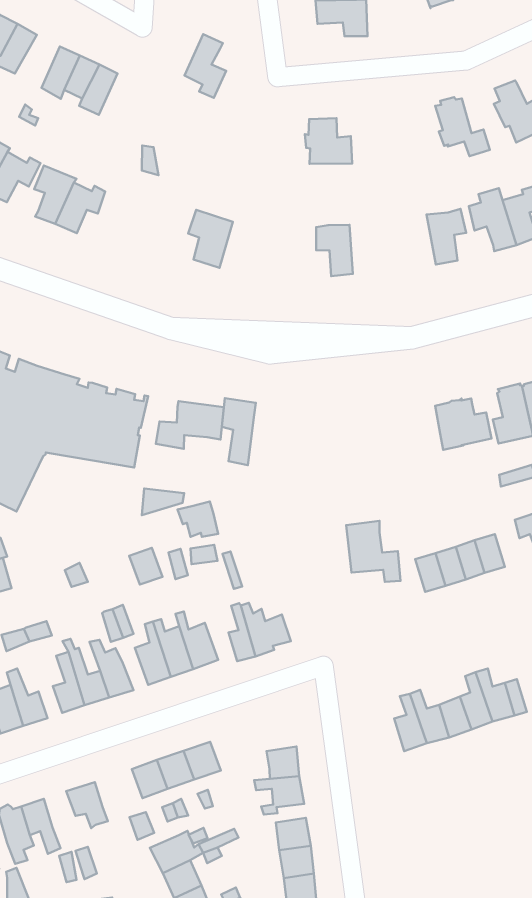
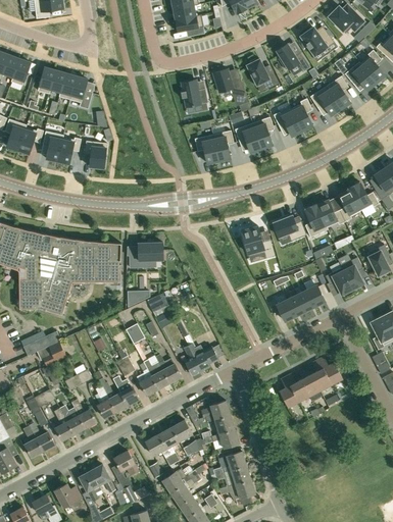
building: [185,34,226,98] -> [70,76,92,109]
building: none -> [213,69,251,112]
building: [188,210,233,268] -> [85,141,107,169]
building: none -> [235,123,261,153]
building: none -> [212,132,234,161]
building: [222,398,256,465] -> none
building: [346,521,401,582] -> [241,226,275,258]
building: none -> [190,401,231,426]

